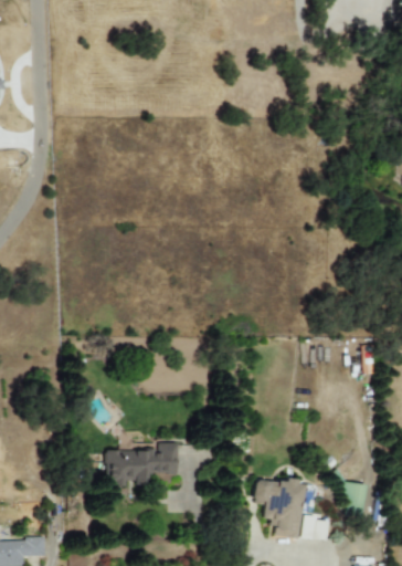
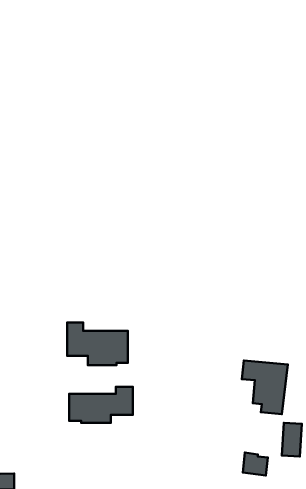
building: none -> [67,323,128,365]
building: [253,478,304,537] -> [242,360,288,414]

